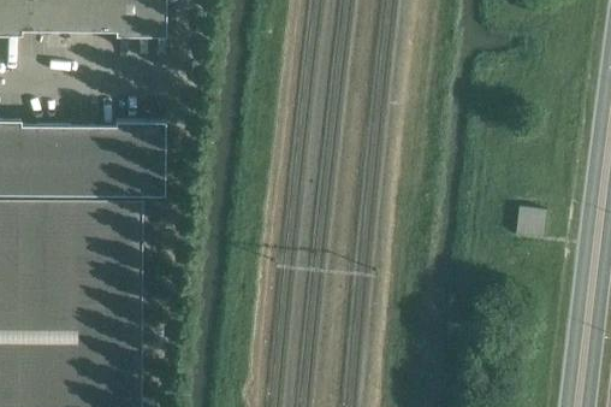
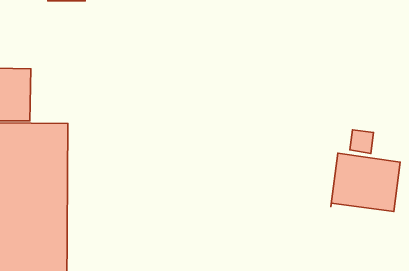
building: [90,124,164,197] -> none
building: none -> [331,153,400,211]

